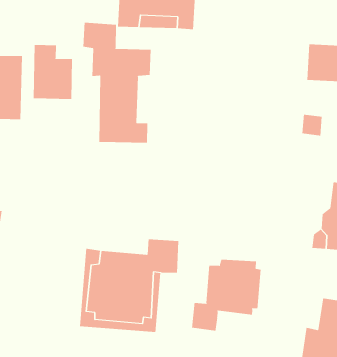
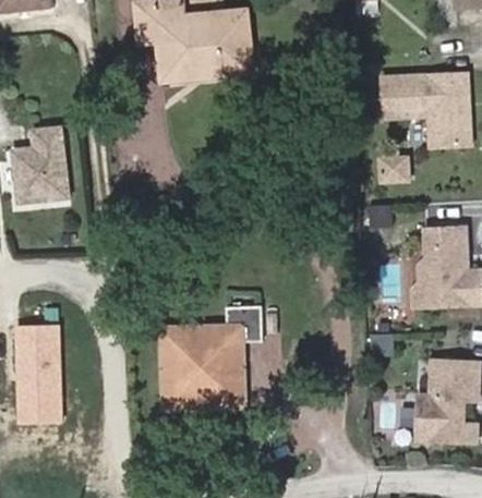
building: [83,22,151,143] -> none
building: [33,44,73,100] -> none
building: [191,259,261,331] -> none

